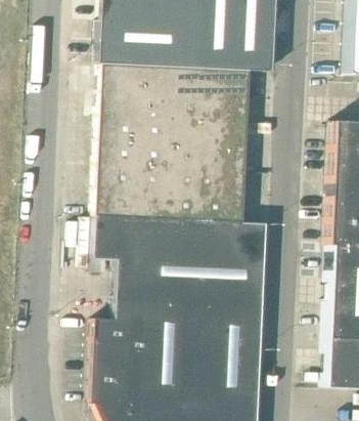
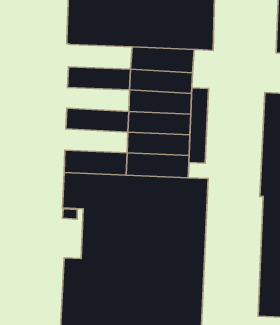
building: [100,62,176,92] -> none
building: [98,114,173,142] -> none
building: none -> [189,88,208,163]
building: [96,163,171,192] -> none

